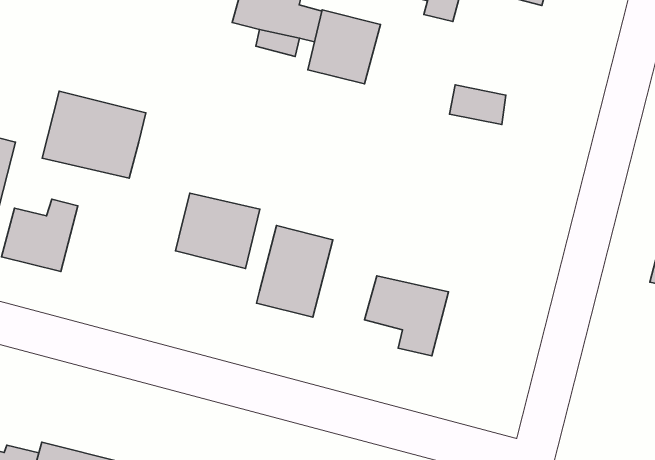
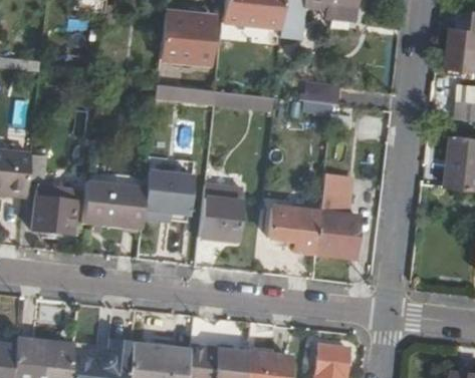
building: [308,10,380,84] -> none
building: [42,91,146,178] -> [83,184,146,234]
building: none -> [316,174,359,258]

